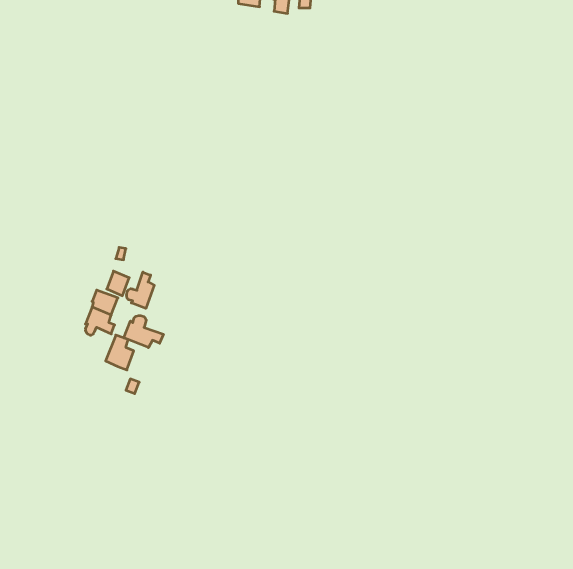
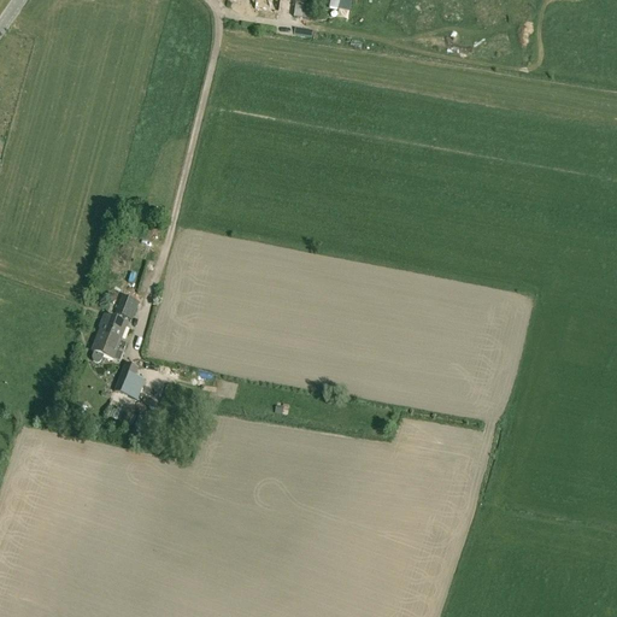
building: [127,272,154,308] -> none
building: [124,316,163,348] -> none

